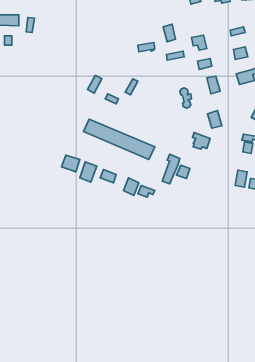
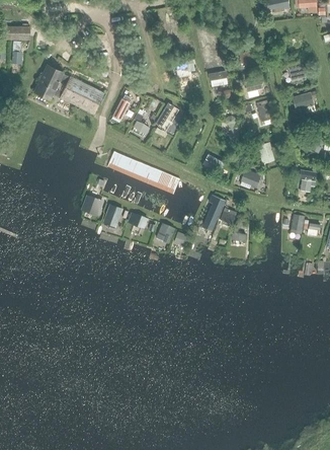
building: none -> [34,65,105,116]

